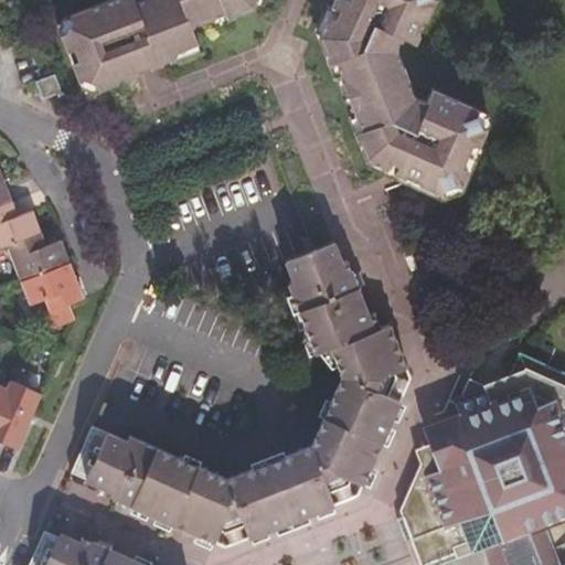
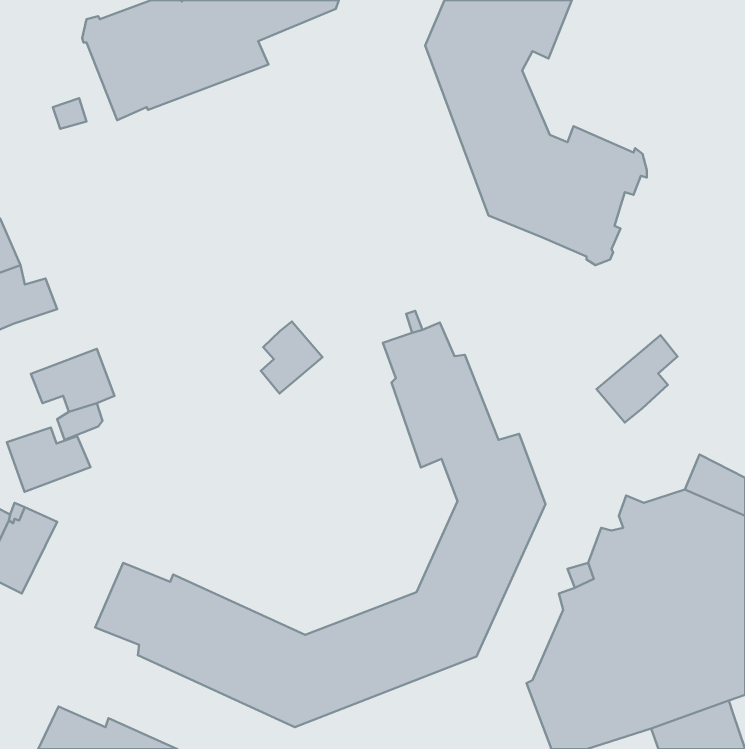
building: [10,233,73,281] -> [7,427,90,492]
building: none -> [261,322,322,393]
building: none -> [596,335,678,423]

